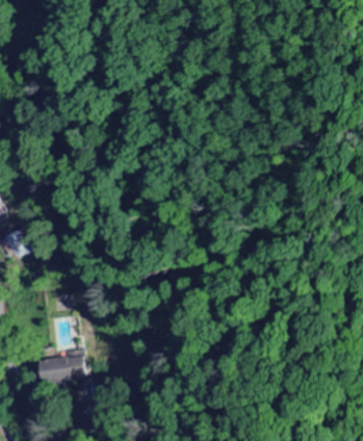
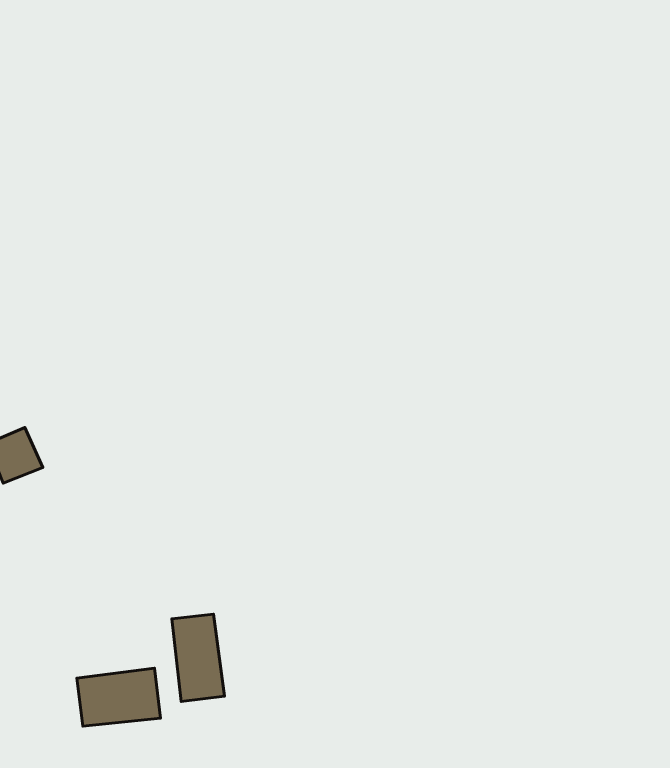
building: none -> [172,614,225,701]

